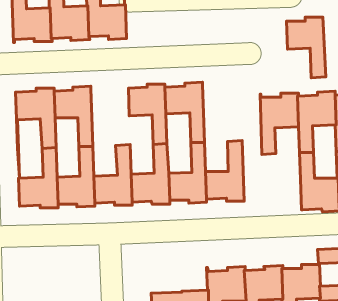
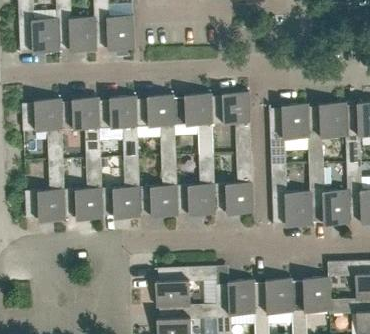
building: [286,17,326,78] -> [211,92,251,153]
building: none -> [98,96,138,157]
building: none -> [271,165,312,226]
building: none -> [155,266,216,307]

